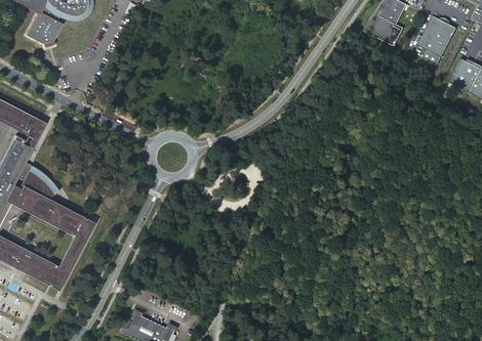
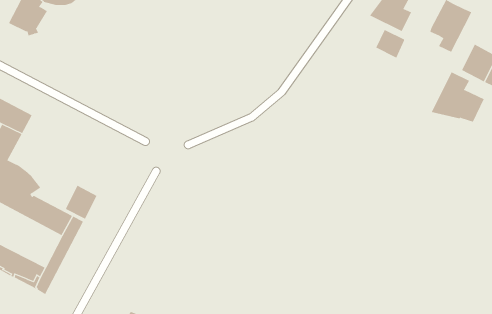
building: none -> [376,29,406,58]
building: none -> [431,71,485,123]
building: none -> [65,185,97,220]

